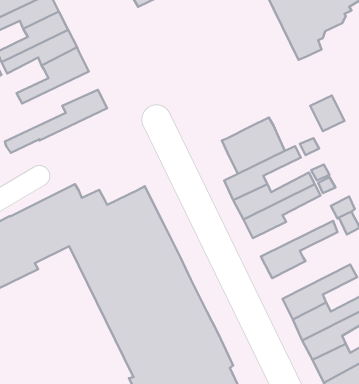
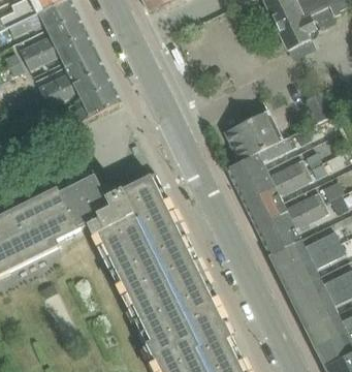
building: none -> [43,69,111,107]
building: none -> [251,193,323,236]
building: none -> [268,233,339,274]

